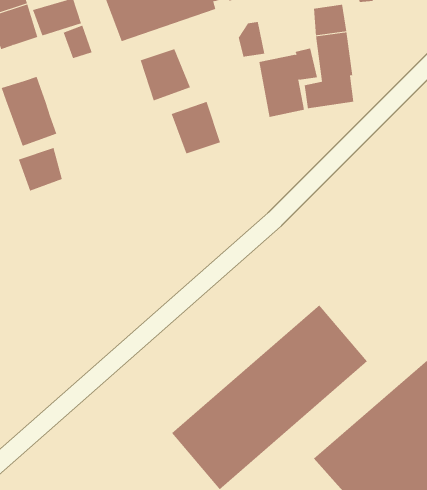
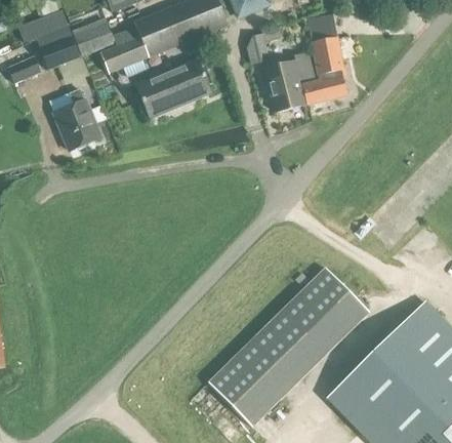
building: none -> [113,27,148,67]
building: [171,101,221,154] -> [135,71,178,116]
building: [18,147,62,192] -> none

